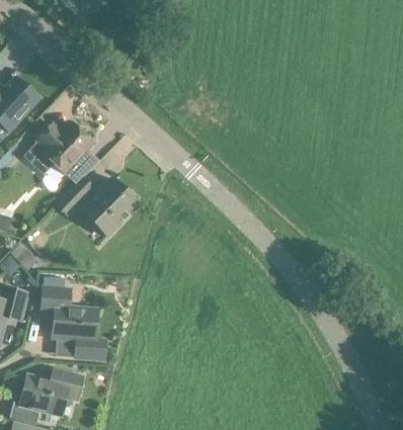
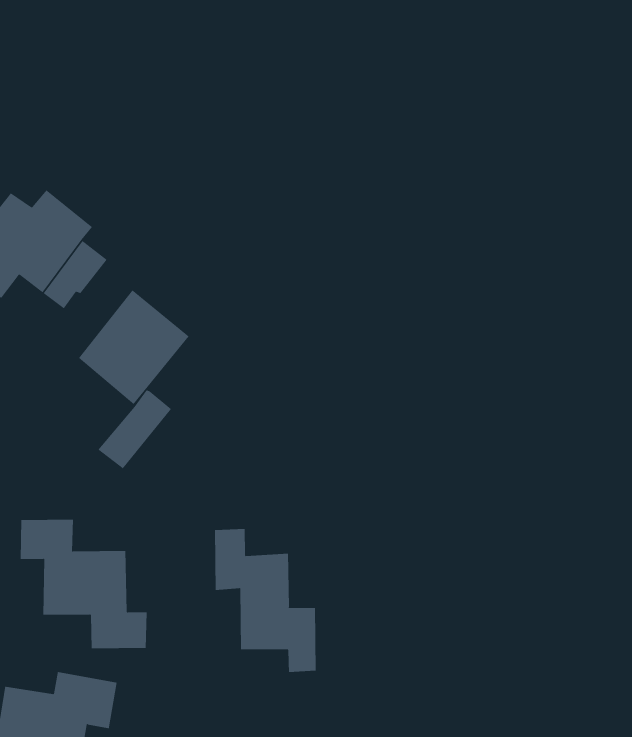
building: [55,176,94,216] -> [98,390,172,469]
building: none -> [214,528,316,673]

